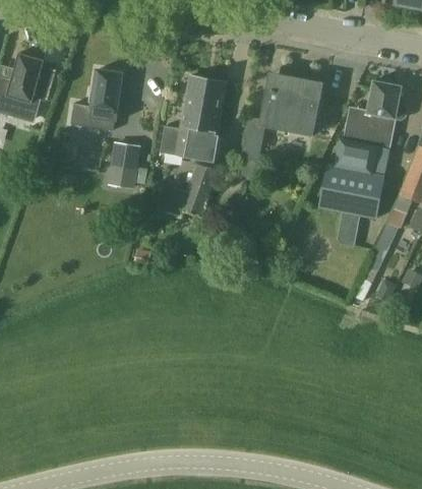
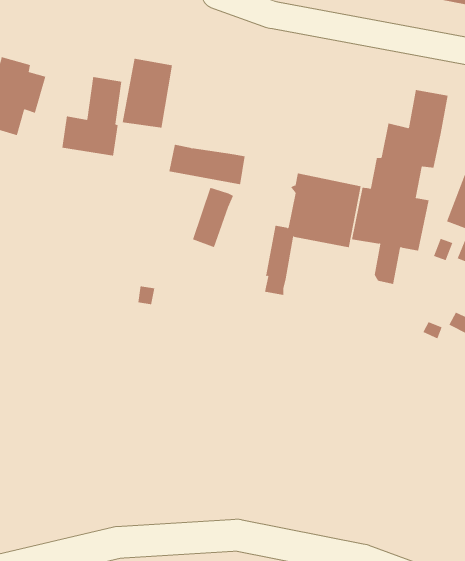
building: [240,71,323,176] -> [264,173,361,295]
building: [182,75,226,135] -> [122,58,173,128]
building: [109,144,139,188] -> none

